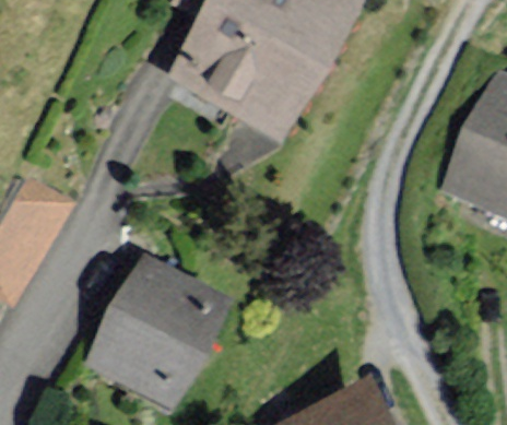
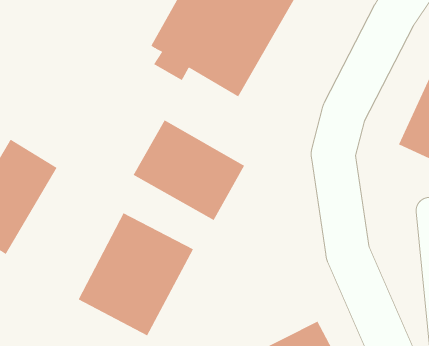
building: none -> [133,120,245,221]

